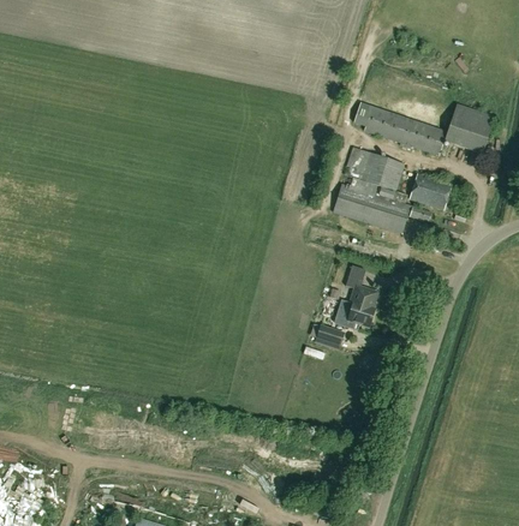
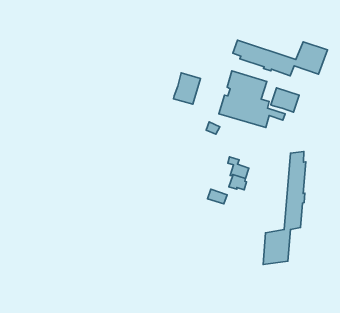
building: none -> [173,73,201,104]
building: none -> [263,151,306,264]

